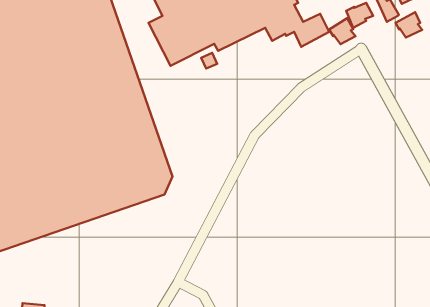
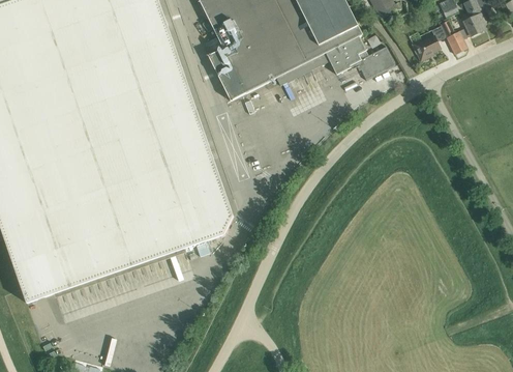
building: [396,12,422,37] -> none
building: [329,18,355,44] -> none

